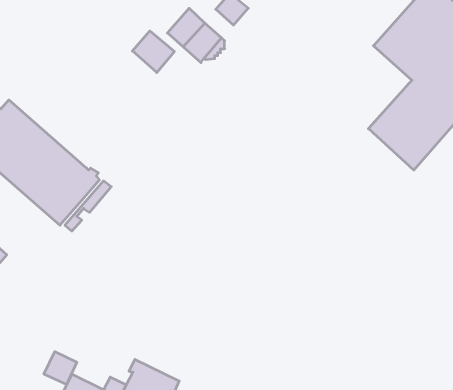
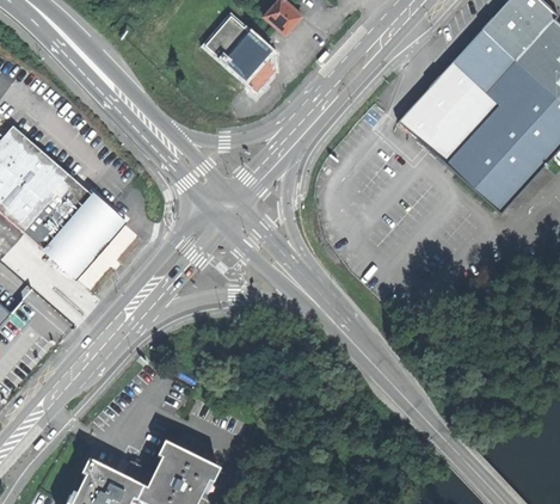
building: [132,31,174,73] -> none
building: none -> [401,61,501,161]
building: [44,352,77,385] -> none

